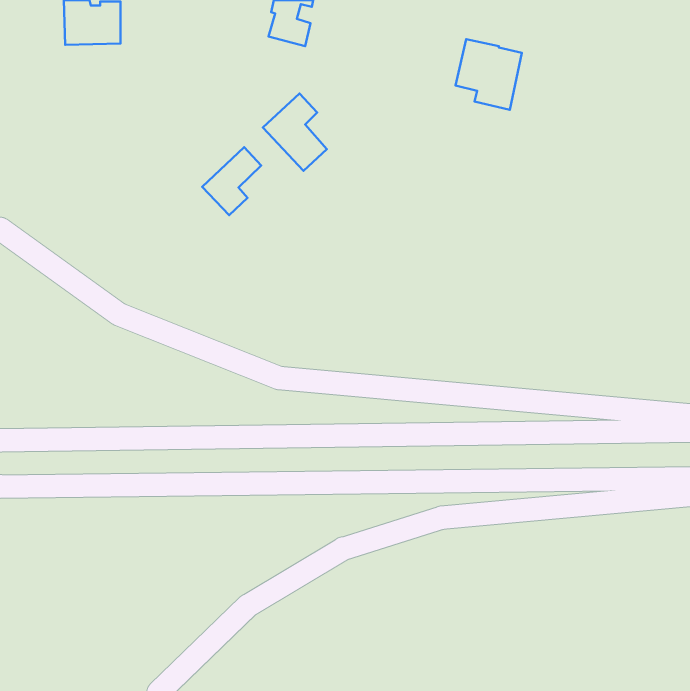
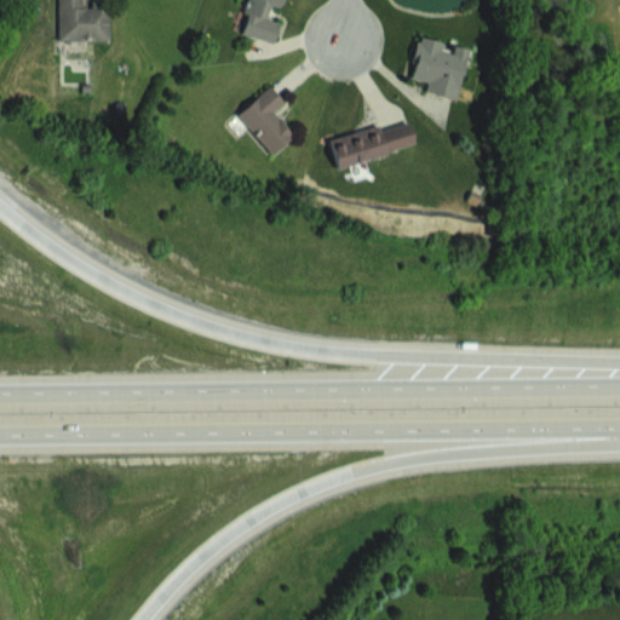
building: none -> [329,122,415,167]
building: [202,147,261,215] -> none

